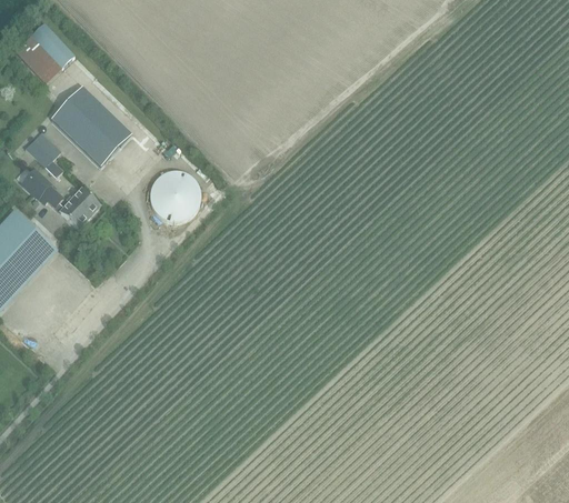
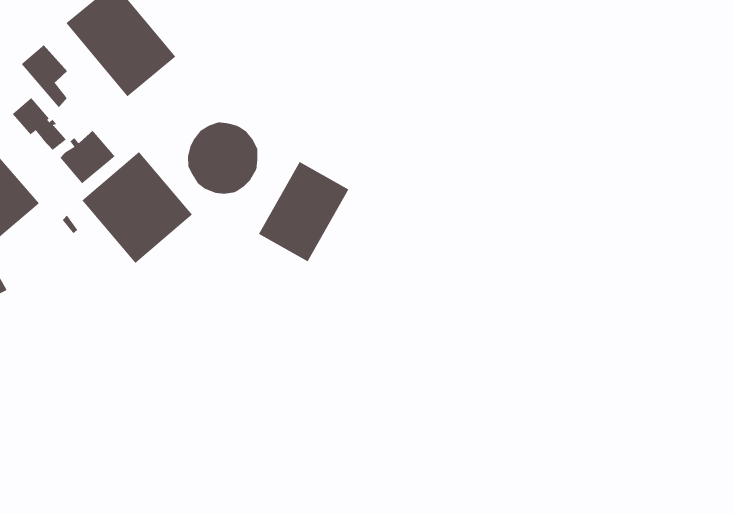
building: none -> [258,161,349,262]
building: none -> [82,151,193,264]

